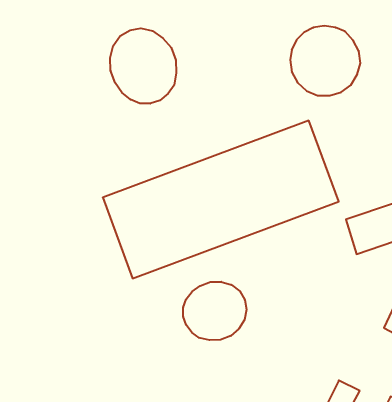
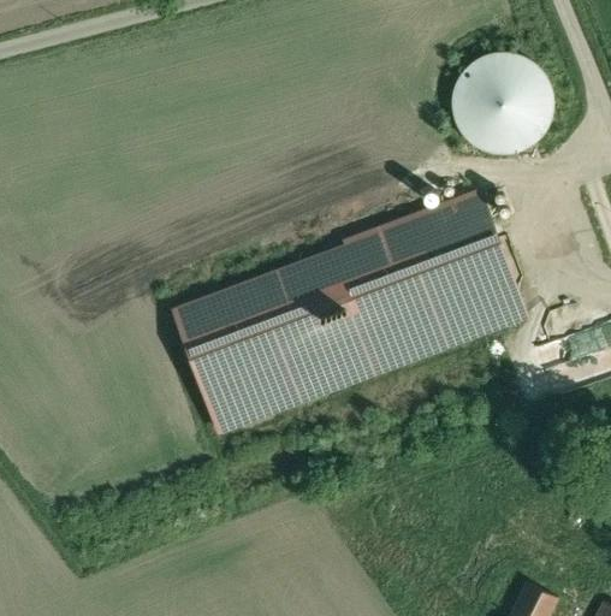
building: [110,28,176,104] -> none
building: [183,282,247,340] -> none

